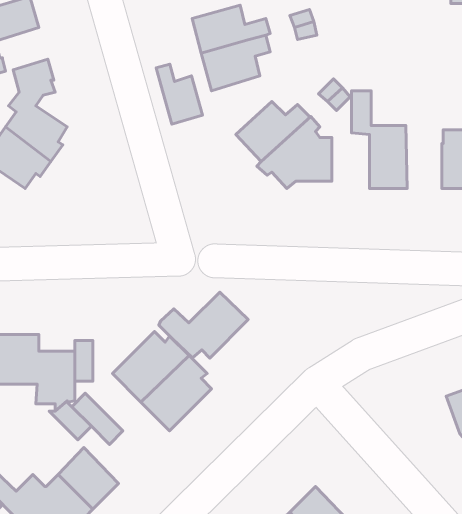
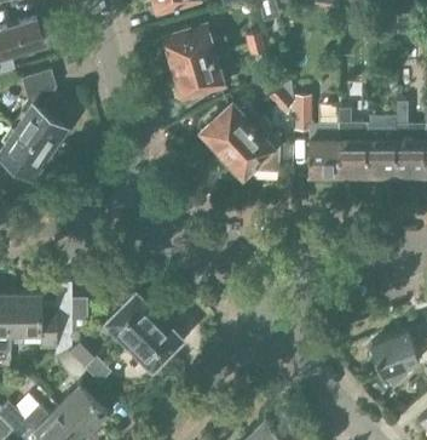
building: [156,64,202,124] -> none
building: none -> [339,110,368,181]
building: [159,292,248,358] -> none

